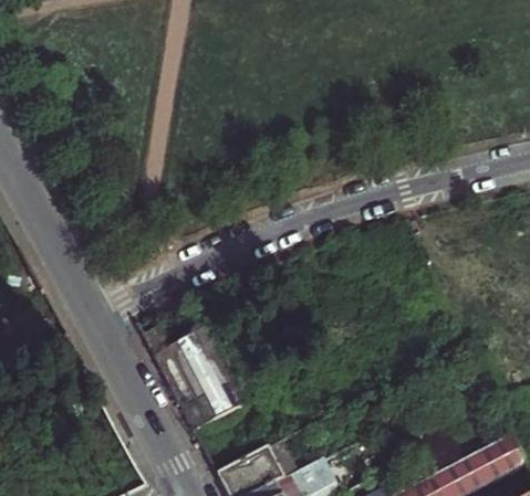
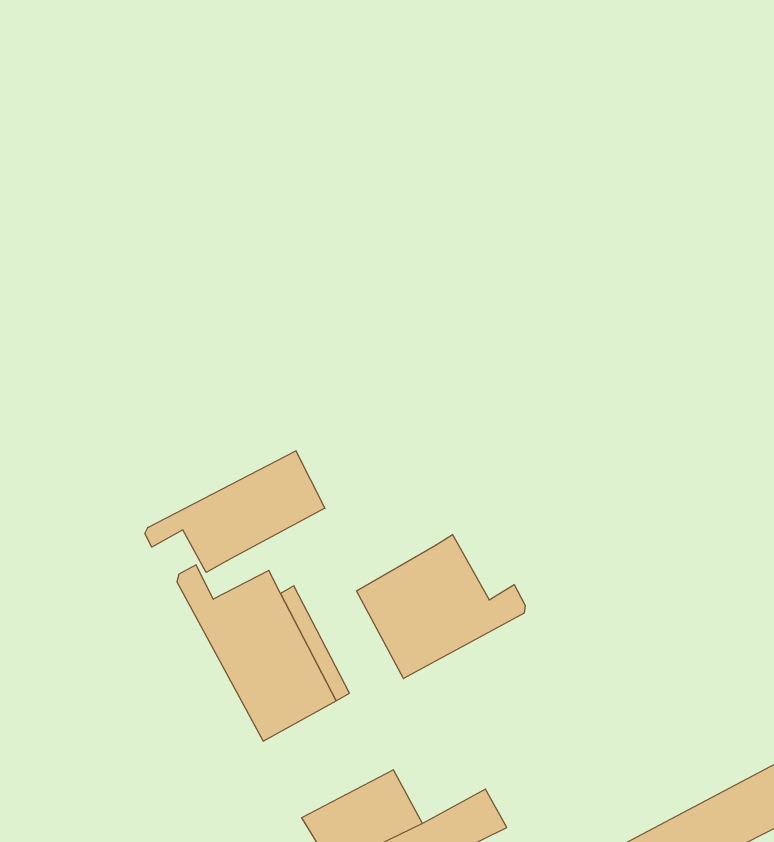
building: none -> [145,451,325,572]
building: none -> [357,535,525,679]

